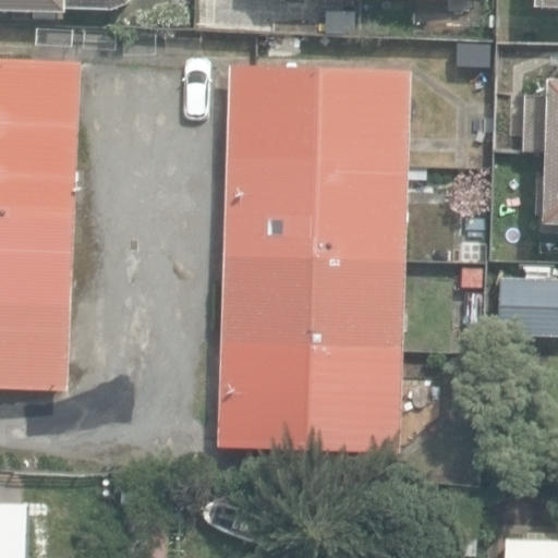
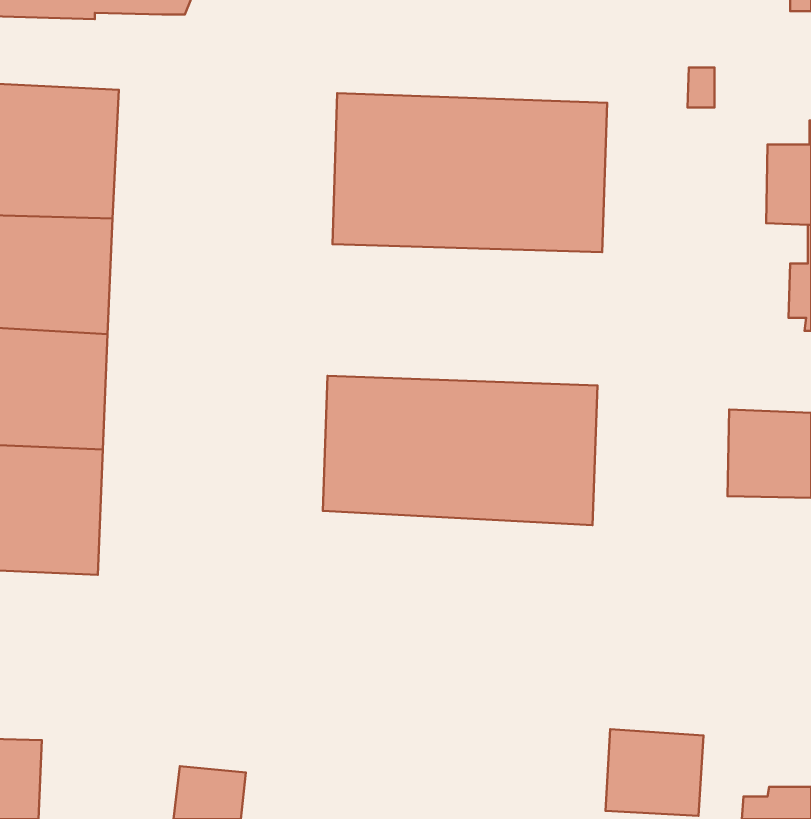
building: [222,166,409,262] -> none
building: [215,347,402,454] -> none

